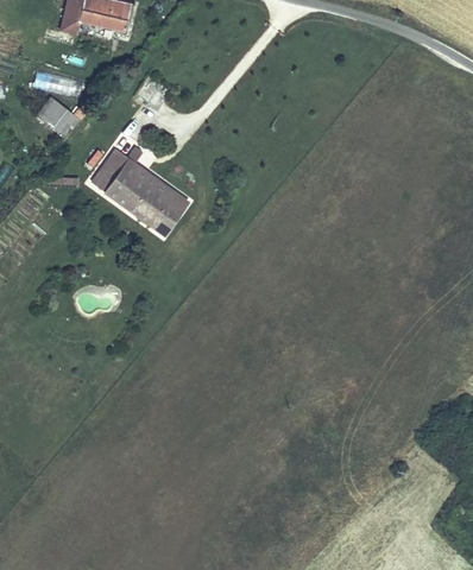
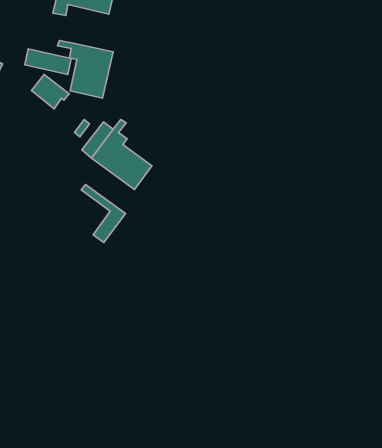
building: none -> [58,41,113,98]
building: [140,169,189,233] -> [81,184,125,242]

